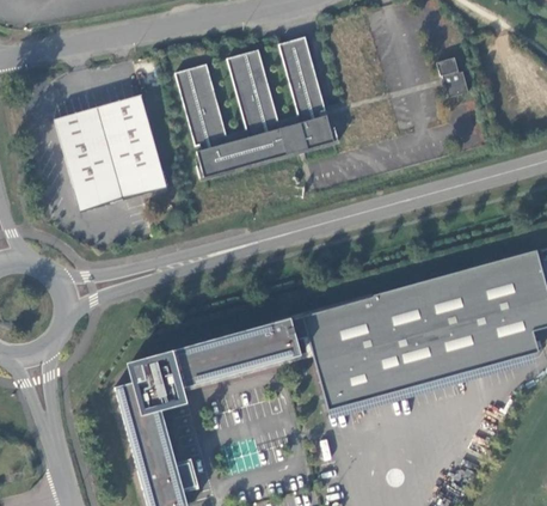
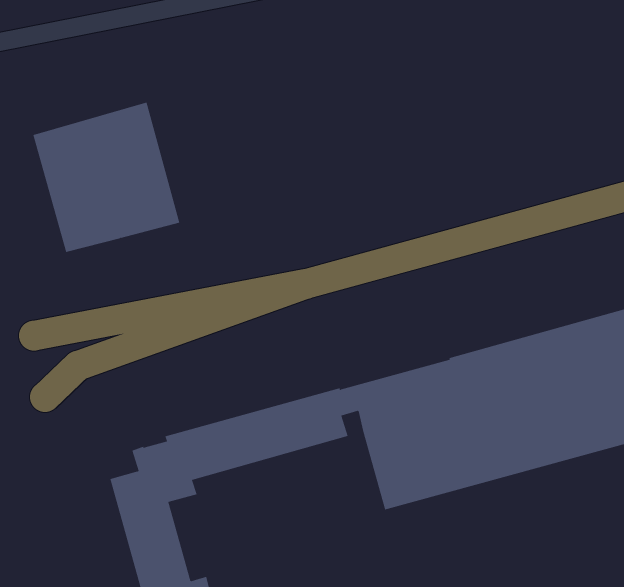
building: [177,36,337,176] -> none
building: [437,56,471,98] -> none

